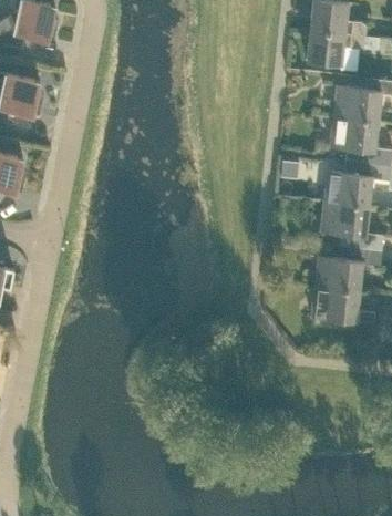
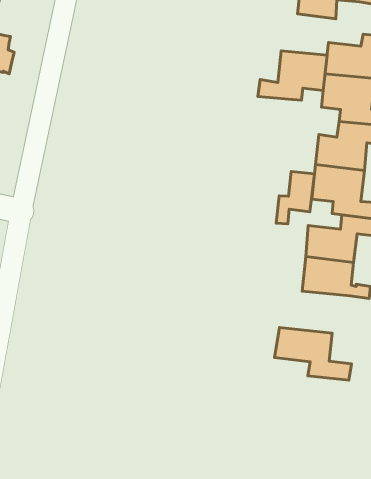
building: none -> [258,51,327,100]
building: none -> [276,171,314,224]
building: none -> [275,328,352,380]

